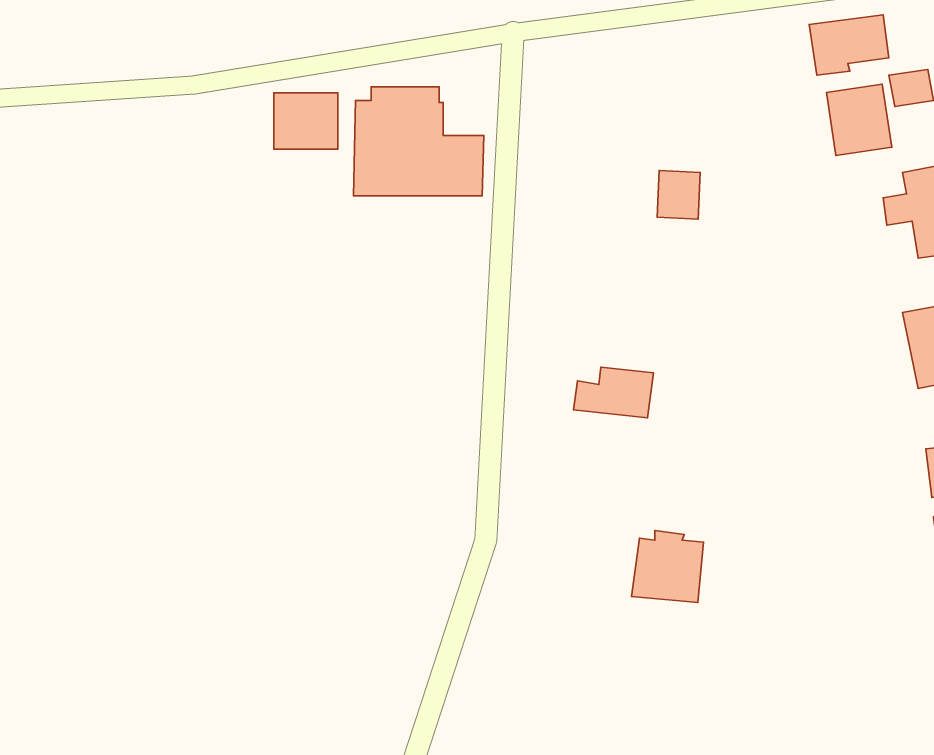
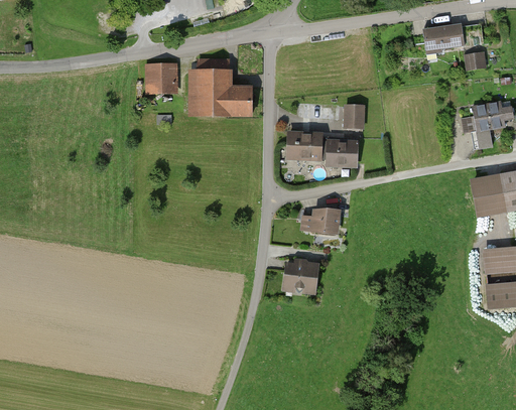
building: [826,84,892,155] -> none
building: none -> [286,131,358,166]
building: [632,530,704,602] -> [282,257,319,294]

